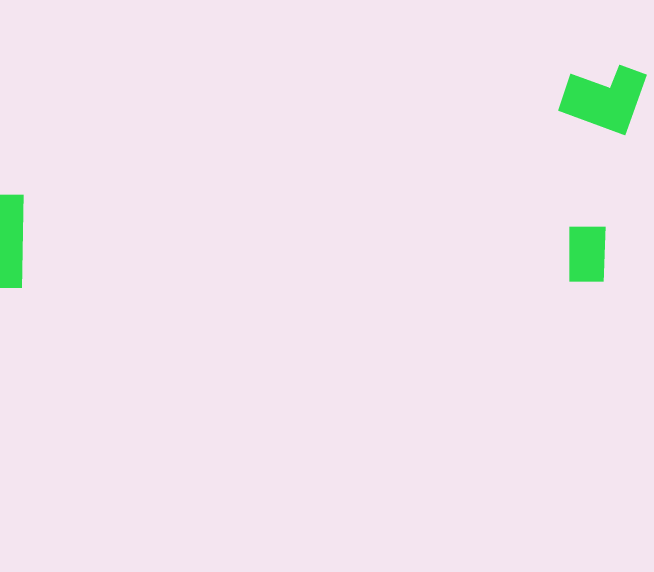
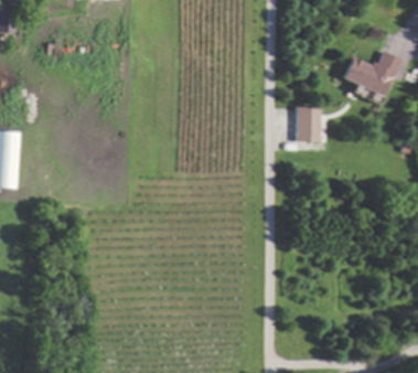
building: [568,226,606,282] -> [300,107,323,141]

